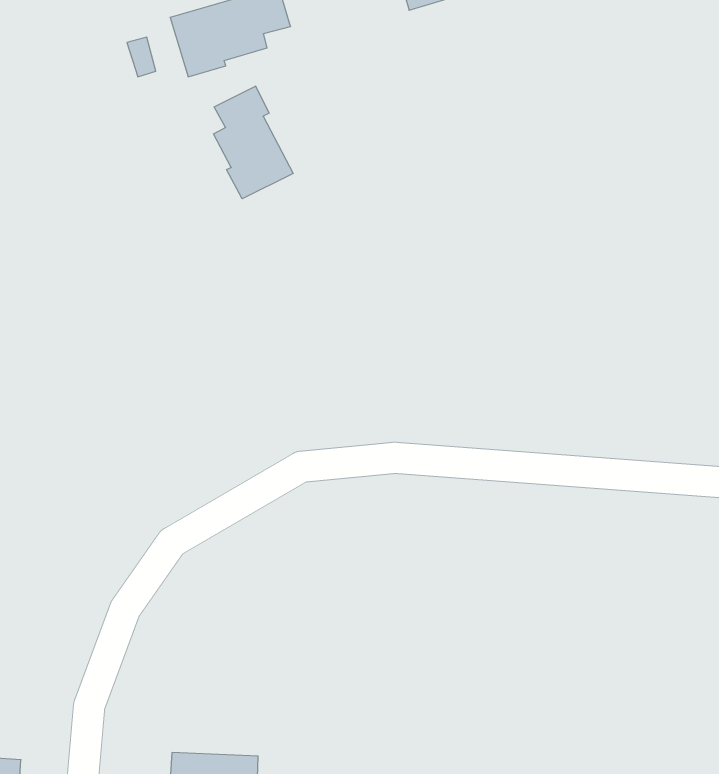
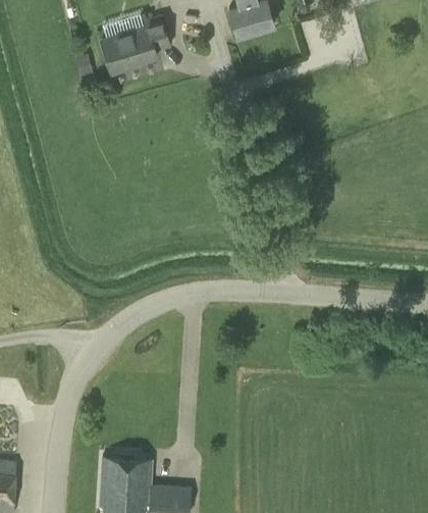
building: [214,86,293,199] -> none

